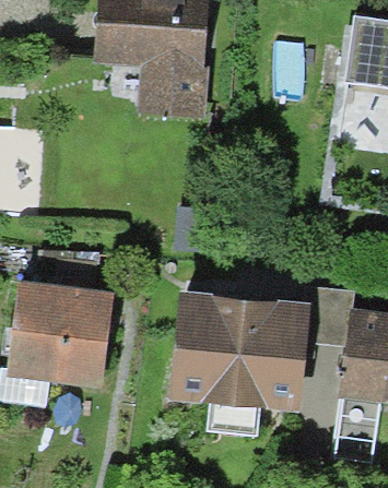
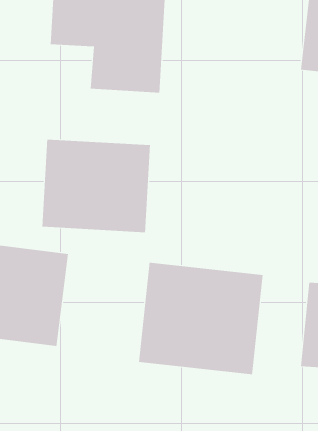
building: none -> [42,139,150,233]

